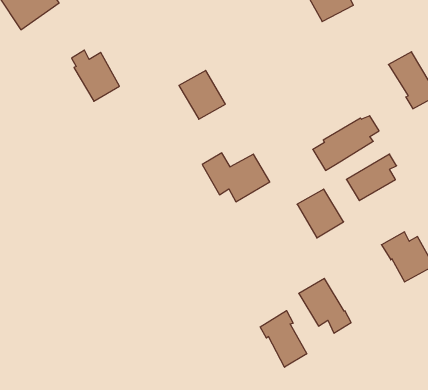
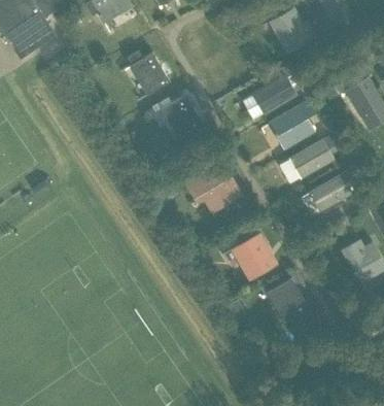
building: none -> [243,75,295,119]
building: [72,50,119,101] -> [127,49,169,95]
building: none -> [269,98,315,147]
building: [297,189,344,238] -> [234,235,275,278]
building: [260,311,307,367] -> none

